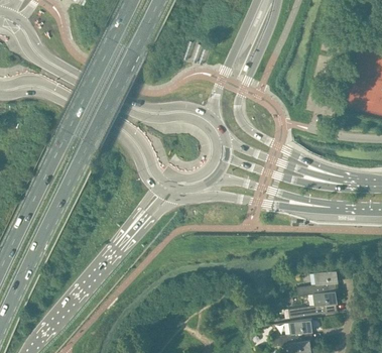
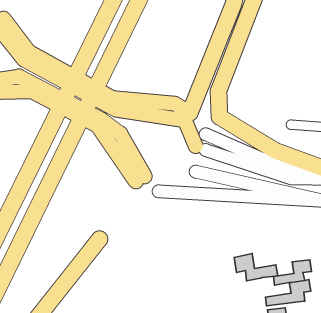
building: none -> [234,254,278,281]

